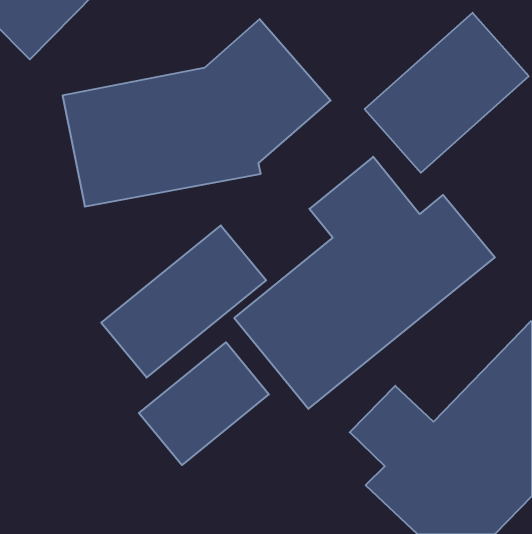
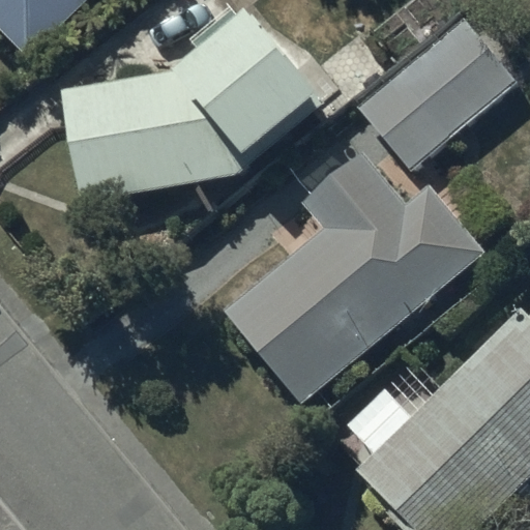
building: [101,225,266,378] -> none
building: [139,342,269,465] -> none

